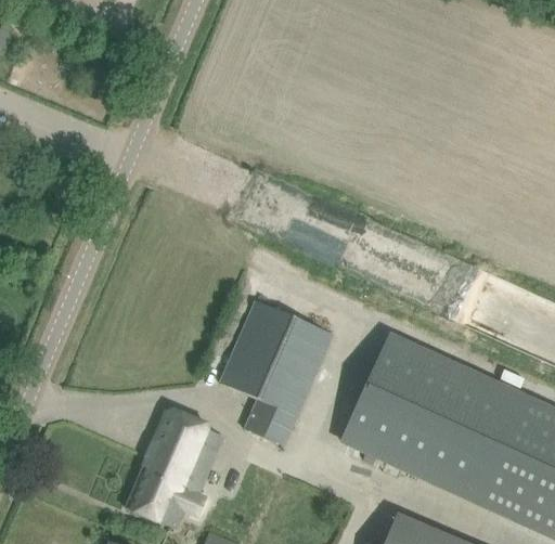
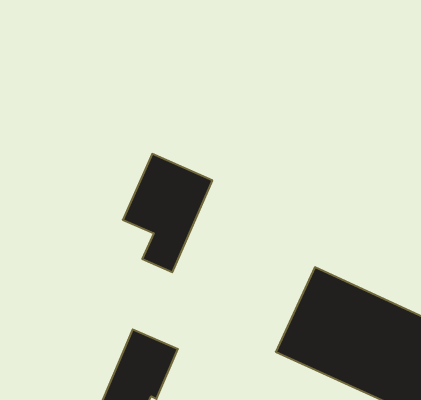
building: [220,301,330,445] -> [123,154,212,272]

